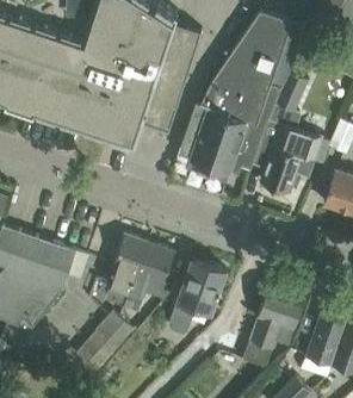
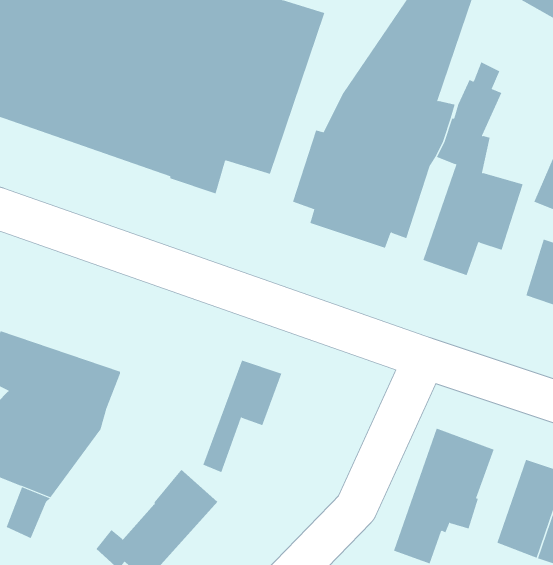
building: [105,235,149,309] -> none
building: [168,260,224,335] -> none

